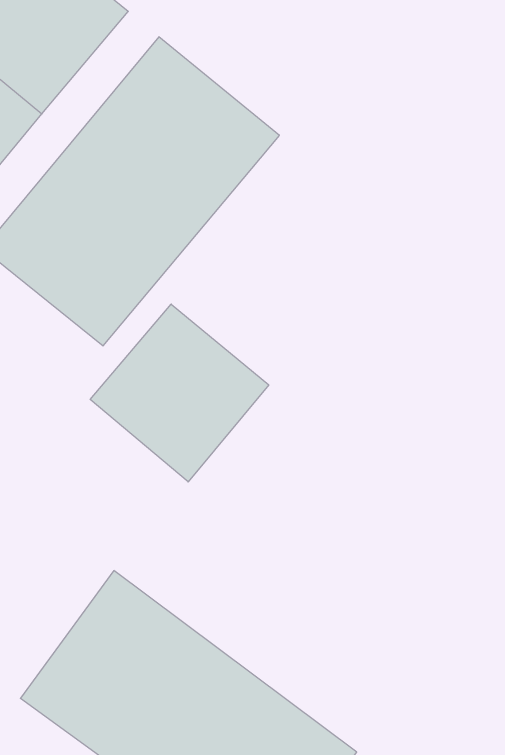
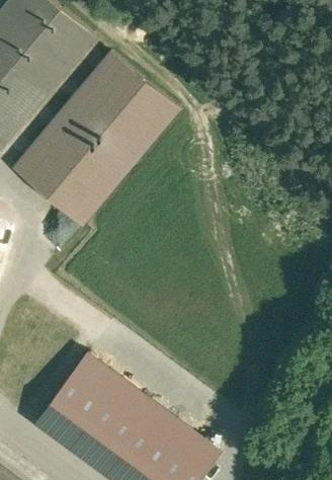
building: [90,304,269,482] -> none

